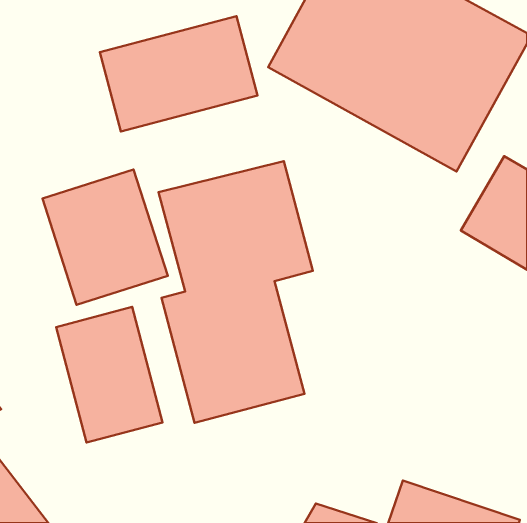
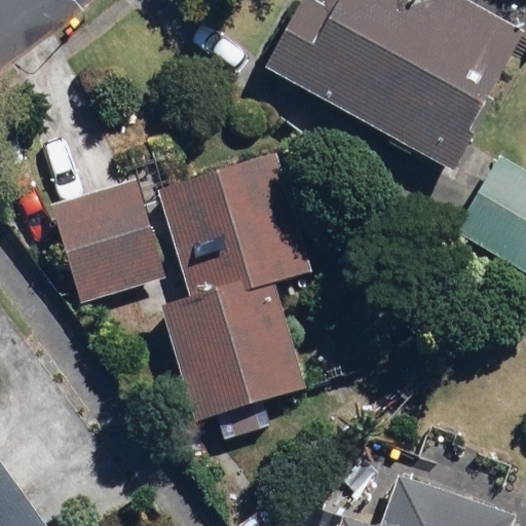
building: [100,16,258,131] -> none
building: [56,307,163,443] -> none

